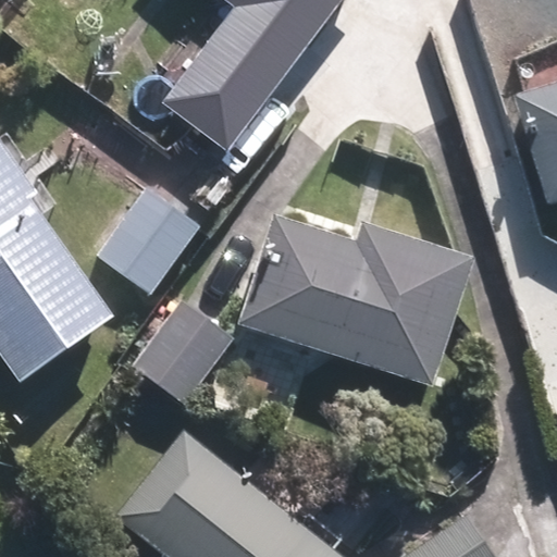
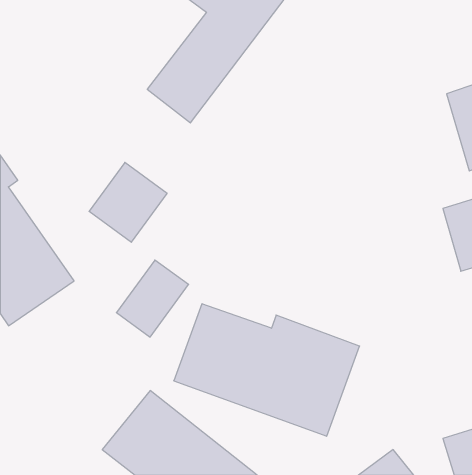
building: [245,232,460,385] -> [174,304,360,436]

